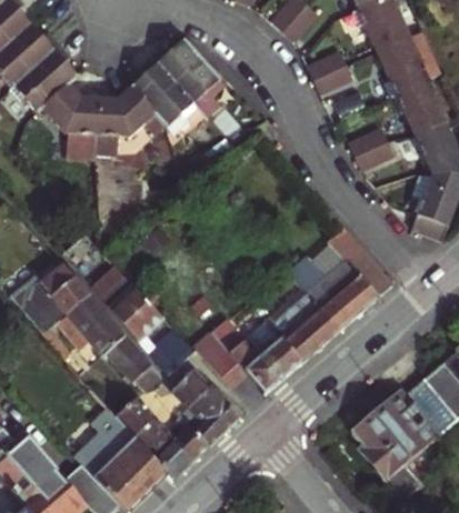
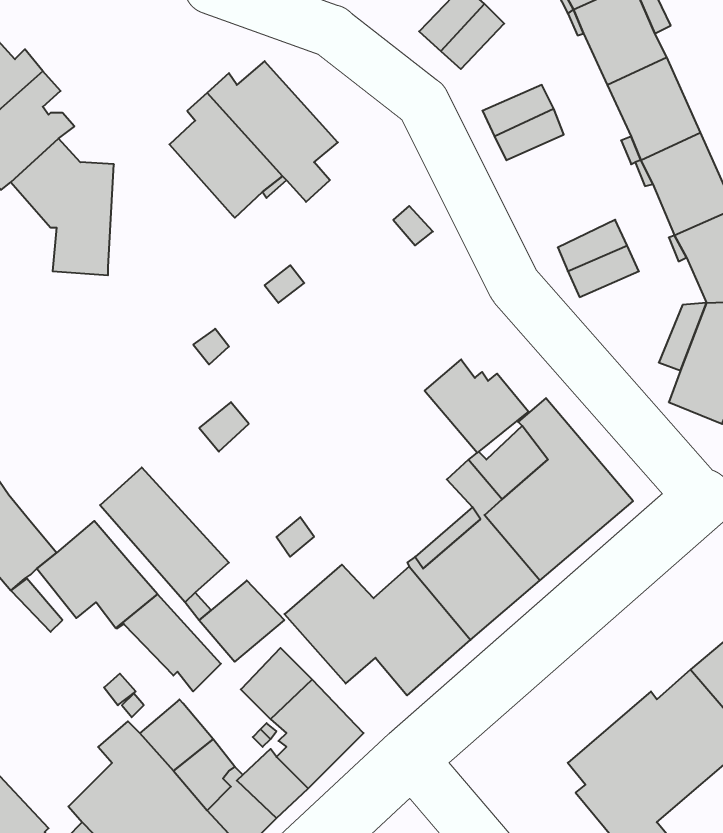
building: [97,86,167,155] -> none
building: none -> [425,359,528,453]
building: [41,264,89,314] -> none

